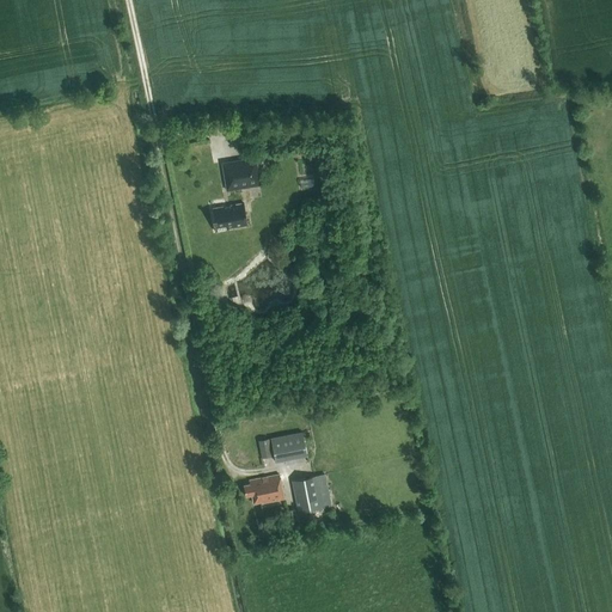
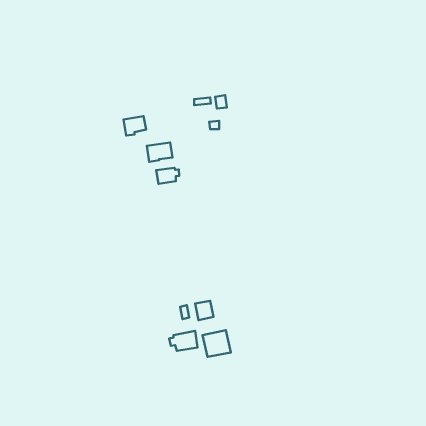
building: [225,161,257,189] -> [124,116,146,135]
building: none -> [156,168,179,184]

